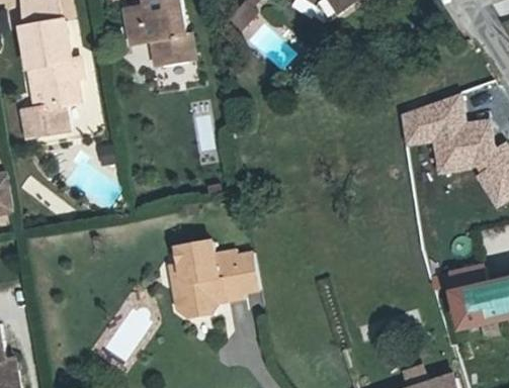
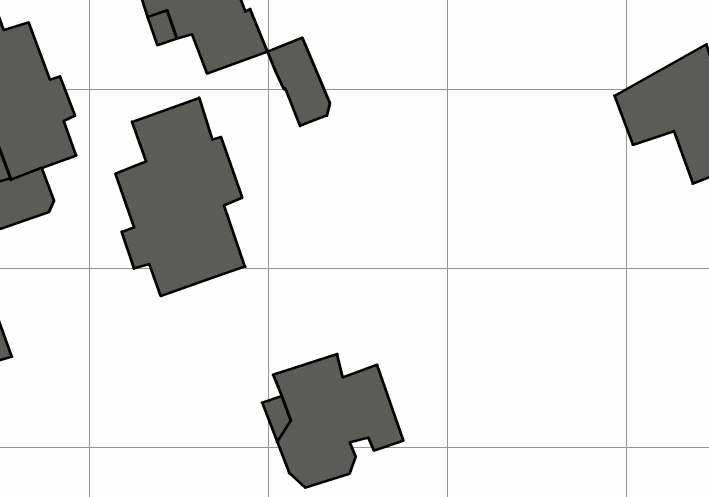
building: none -> [267,38,330,126]
building: none -> [116,98,245,296]

